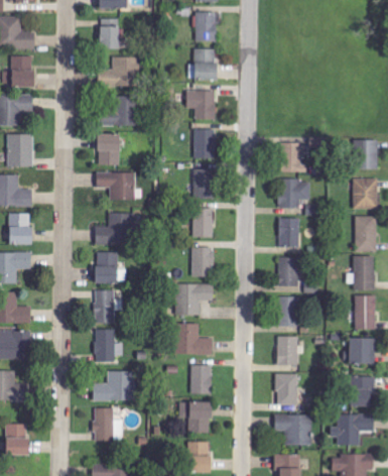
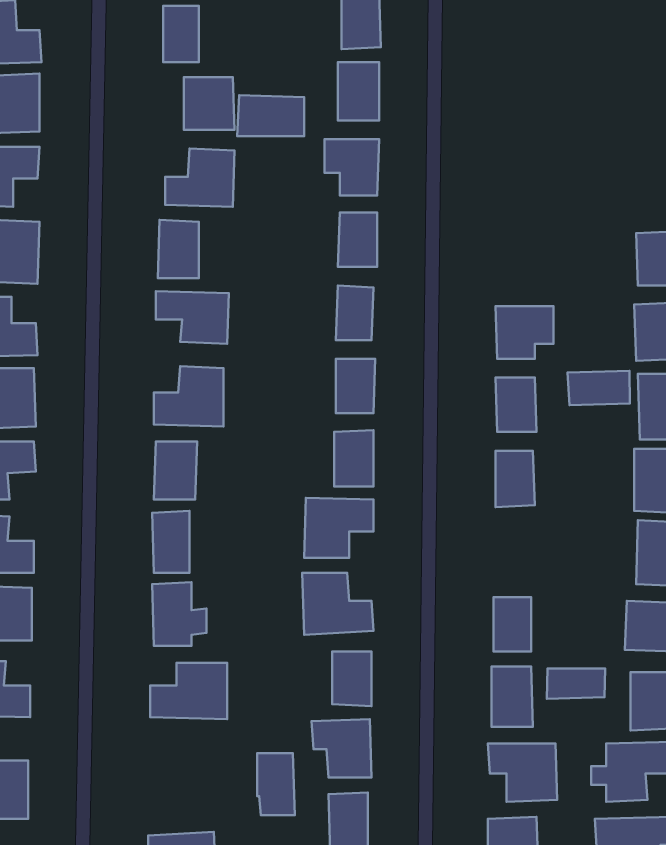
building: none -> [237,95,304,136]
building: [281,142,306,172] -> none
building: none -> [567,371,630,405]
building: [278,296,296,327] -> none
building: none -> [547,669,605,699]
building: [94,407,114,441] -> [257,753,295,815]

